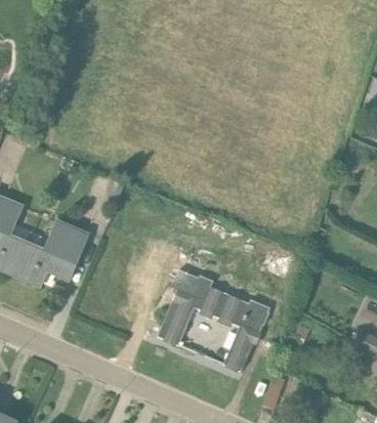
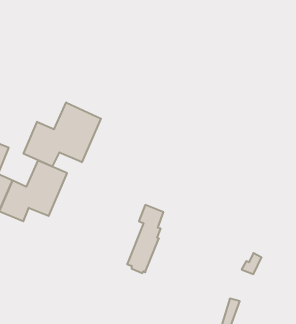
building: none -> [24,102,101,167]
building: [192,276,270,372] -> none

